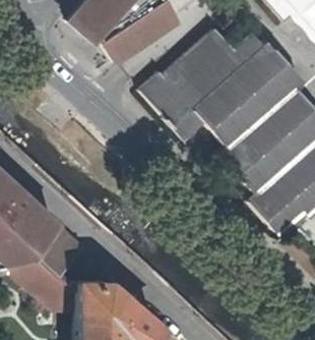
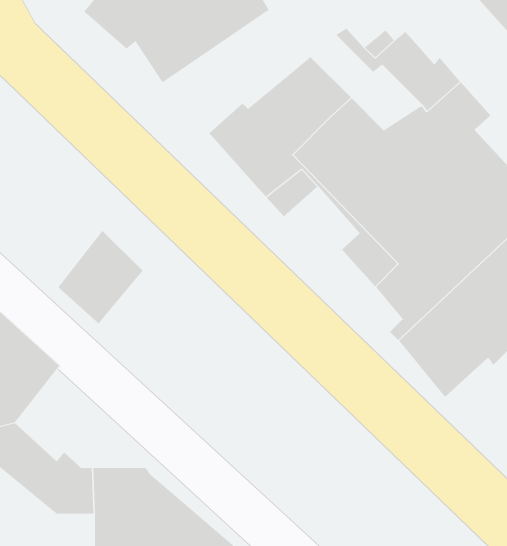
building: [199,35,262,89] -> none
building: [32,223,80,277] -> [58,230,143,325]

